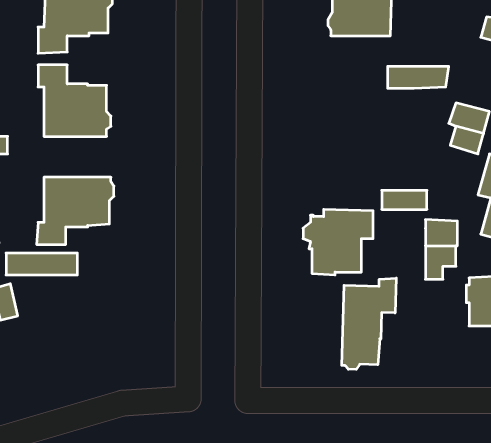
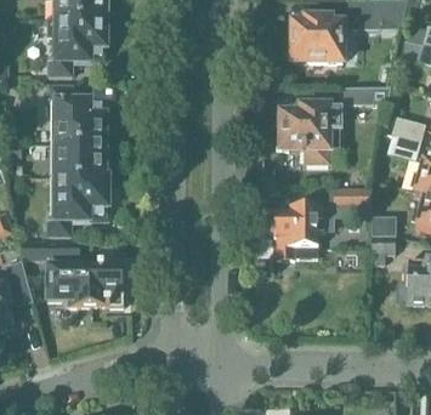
building: none -> [280,104,340,160]
building: none -> [52,143,108,177]
building: [342,278,396,369] -> none
building: none -> [47,263,123,305]

